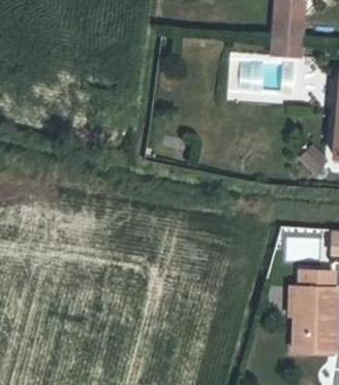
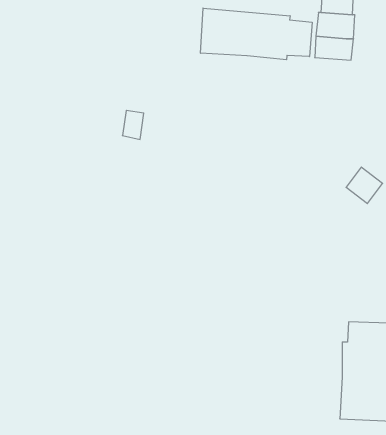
building: none -> [201,8,312,60]

